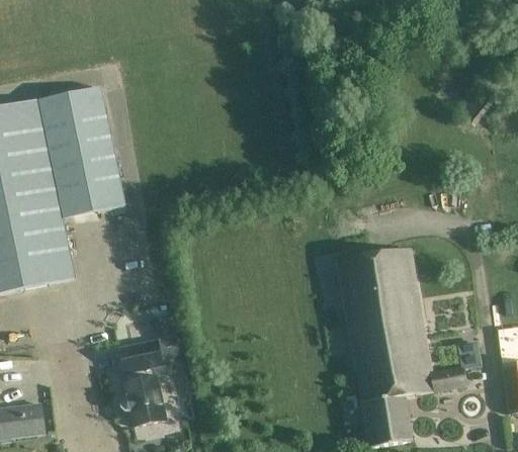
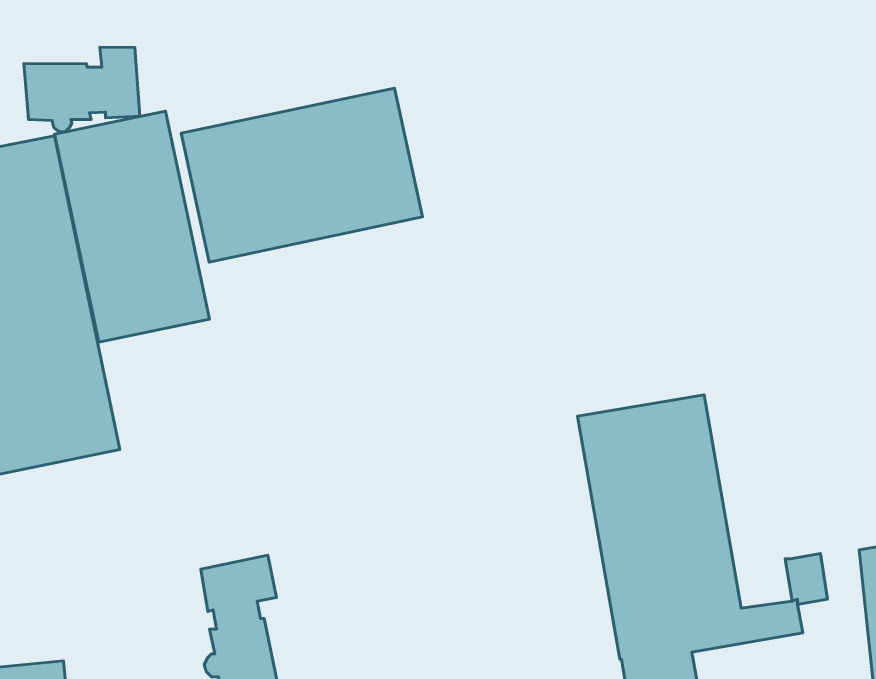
building: none -> [24,47,140,132]
building: none -> [181,88,422,262]

